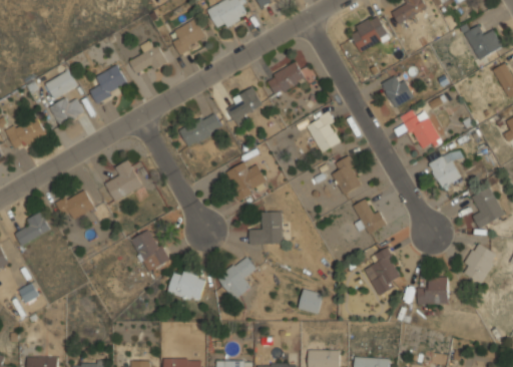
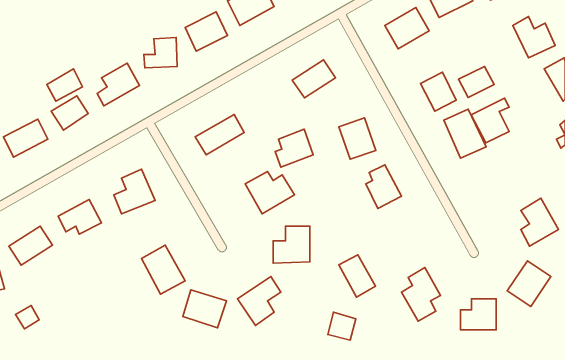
building: none -> [459,66,494,98]
building: [228,88,263,122] -> [275,129,313,167]
building: [427,148,461,189] -> [471,98,509,143]
building: [352,198,385,236] -> [339,255,376,297]

